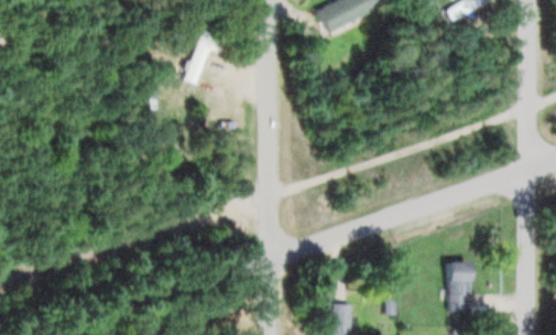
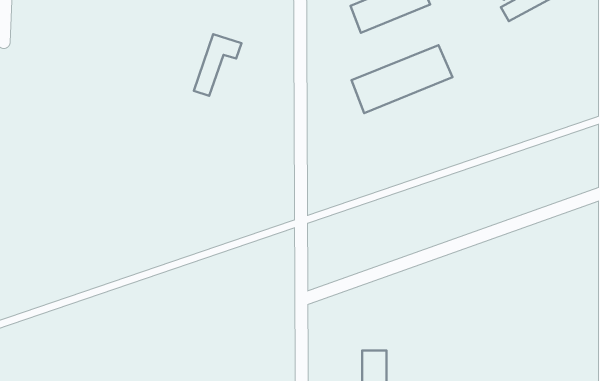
building: none -> [351,45,453,113]
building: [449,261,473,313] -> none

